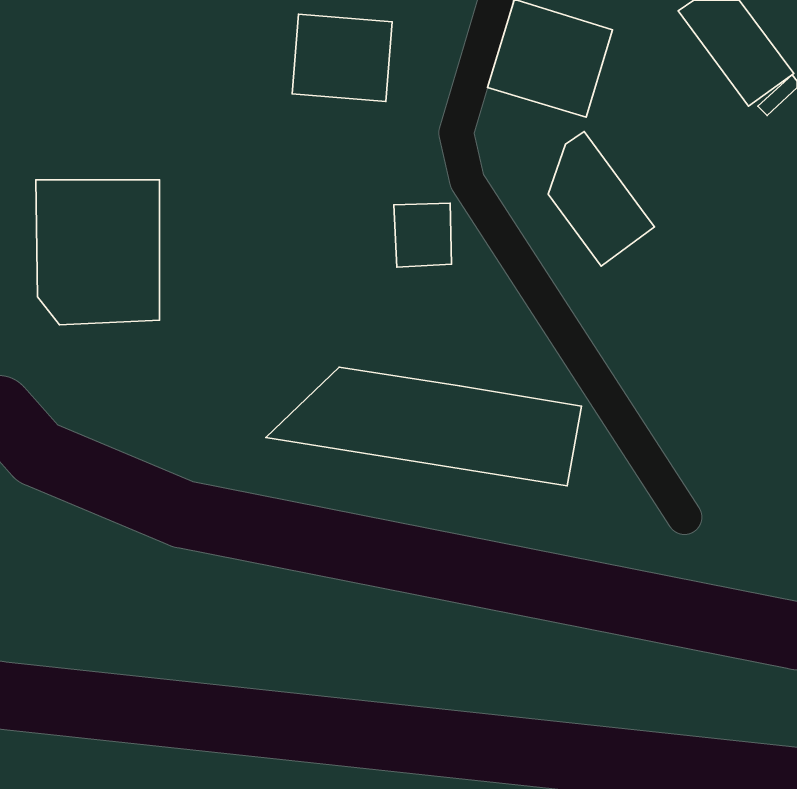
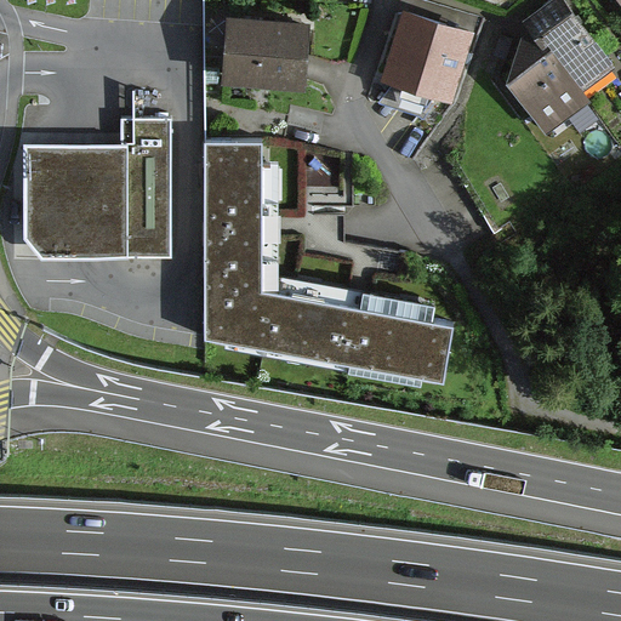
building: [548,132,654,266] -> [506,25,588,130]
building: none -> [123,121,169,256]
building: none -> [205,136,263,347]

